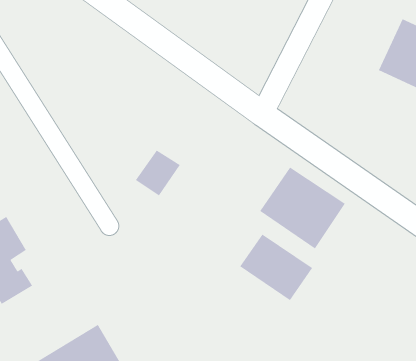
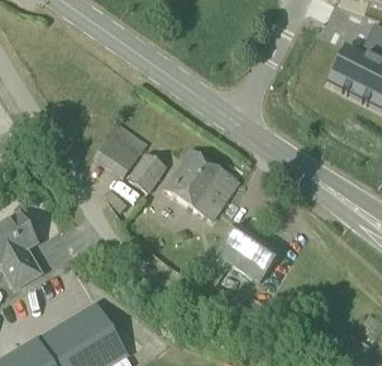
building: none -> [95,133,140,176]
building: [259,167,346,249] -> [164,149,238,220]

